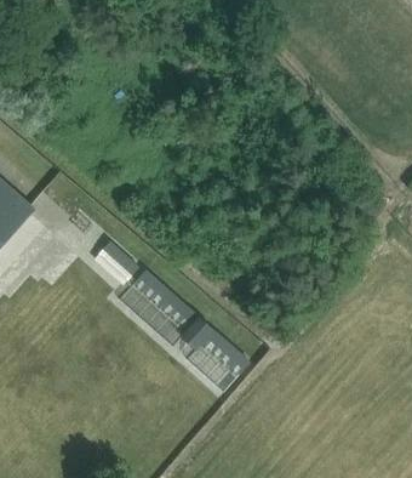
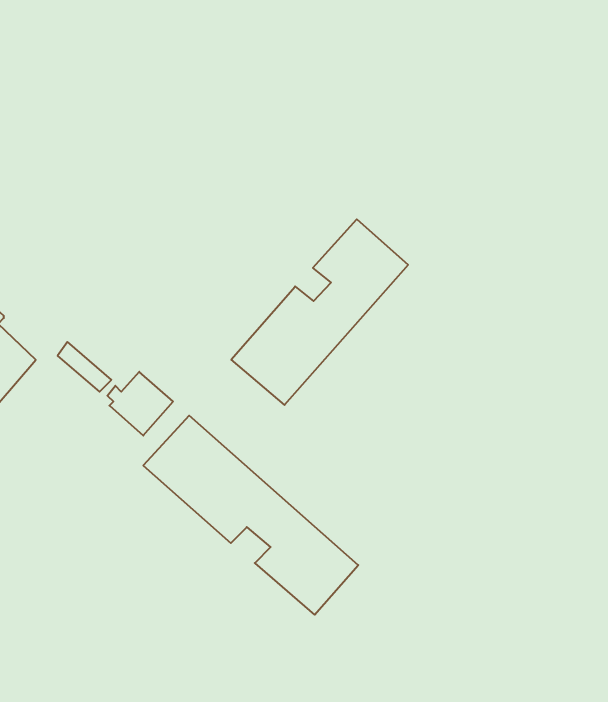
building: none -> [231,219,408,405]

